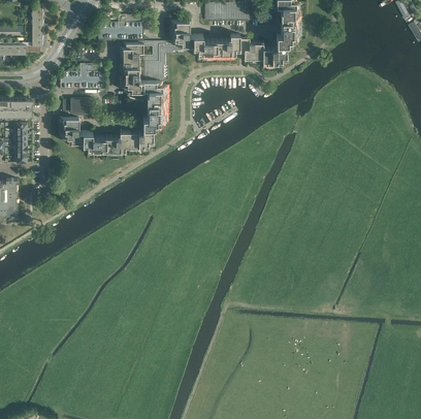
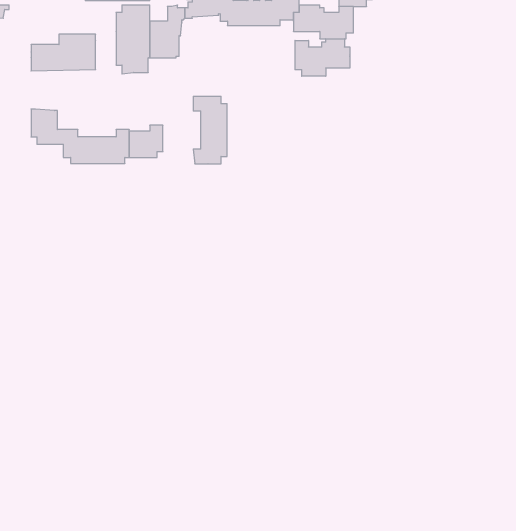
building: none -> [295,39,350,76]
building: [140,79,164,127] -> [193,96,227,164]
building: [61,97,91,117] -> none

